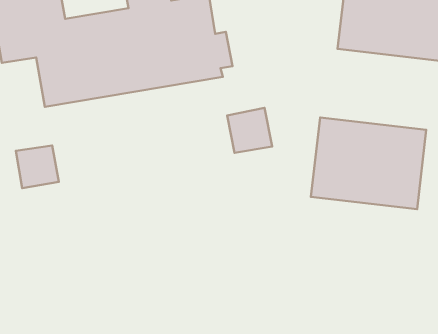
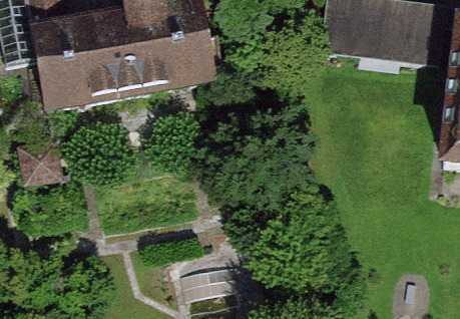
building: [311,117,426,209] -> none

